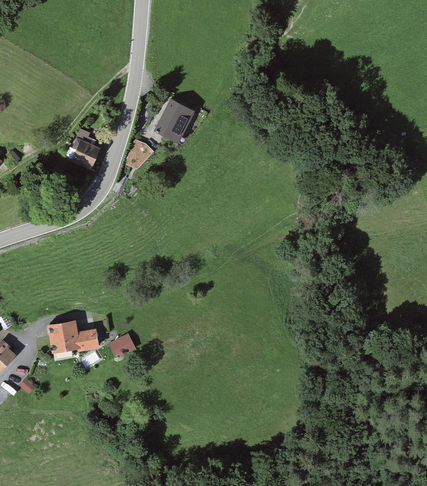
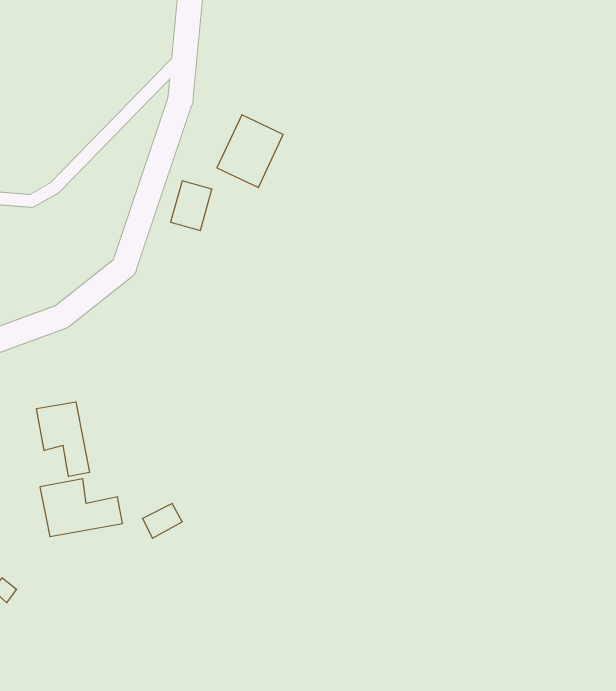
building: [73,141,102,167] -> none
building: none -> [36,402,89,477]

